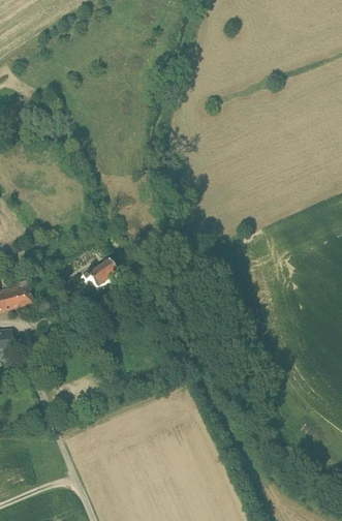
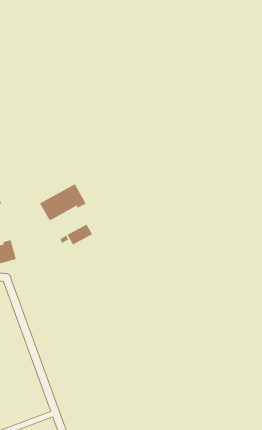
building: none -> [39,183,87,222]

